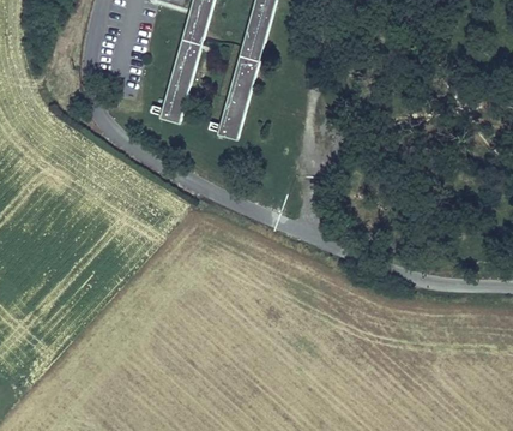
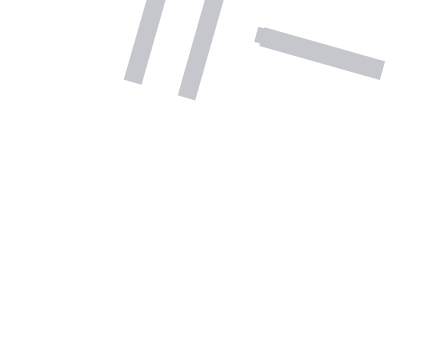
building: none -> [253,26,386,81]

